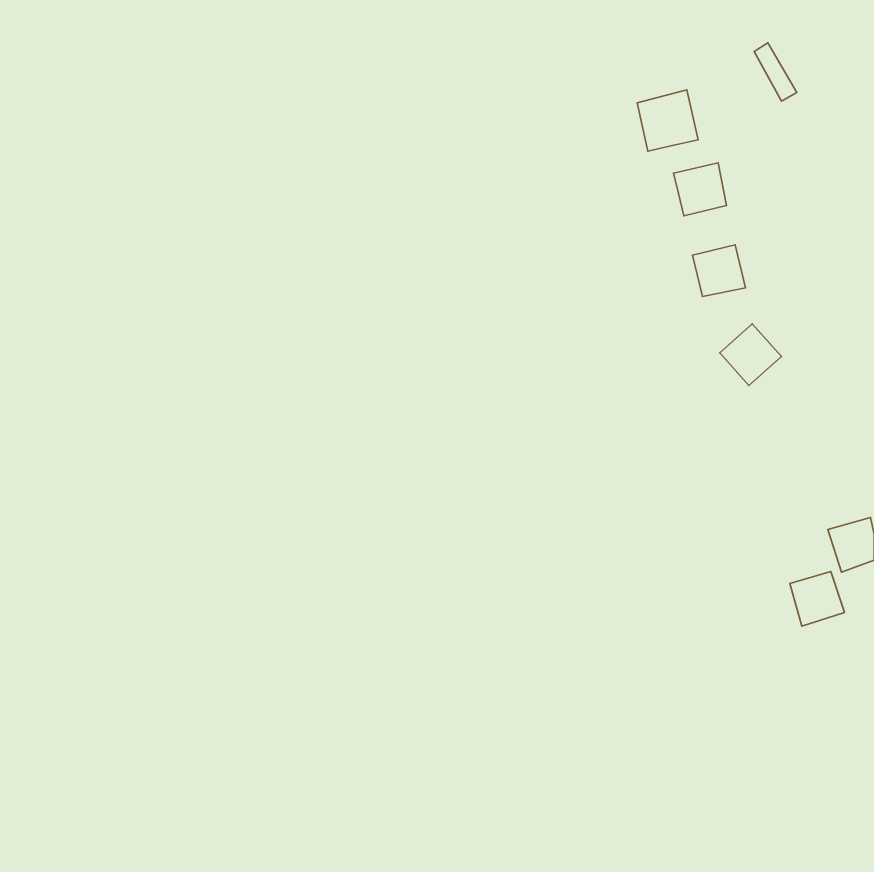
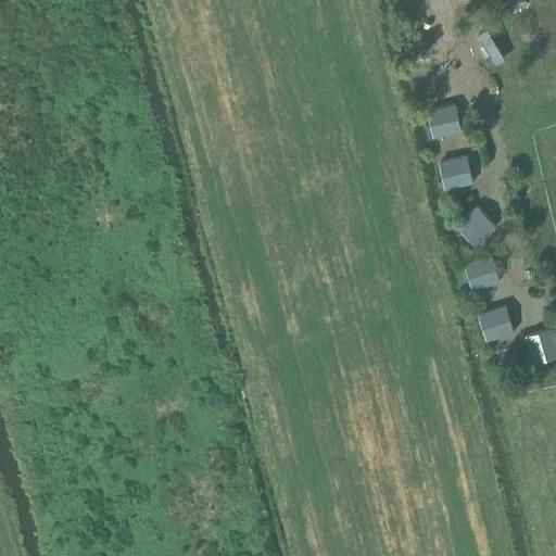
building: [637,90,698,151] -> none
building: none -> [465,256,500,291]
building: [790,571,845,626] -> [479,307,514,342]

